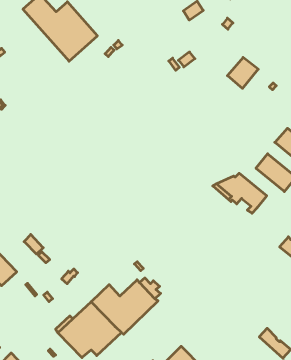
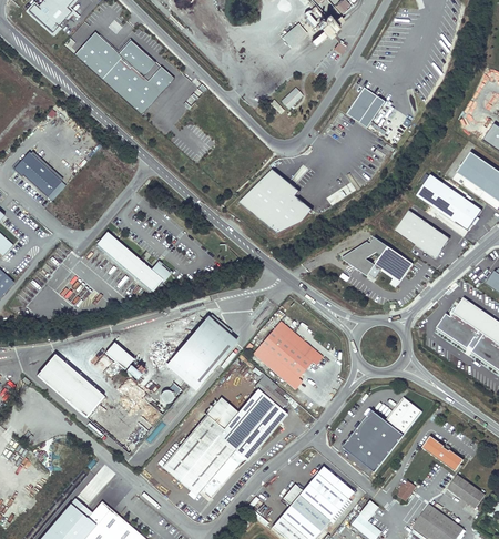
building: none -> [240,170,313,233]
building: none -> [96,232,167,289]
building: none -> [173,325,228,385]
building: none -> [254,323,325,391]
building: none -> [344,397,424,472]

